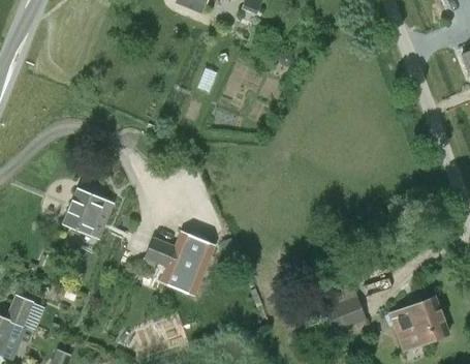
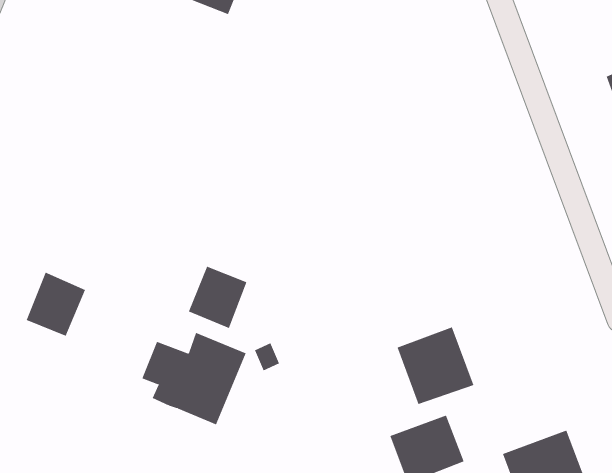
building: none -> [188,266,247,329]
building: none -> [397,327,474,405]

